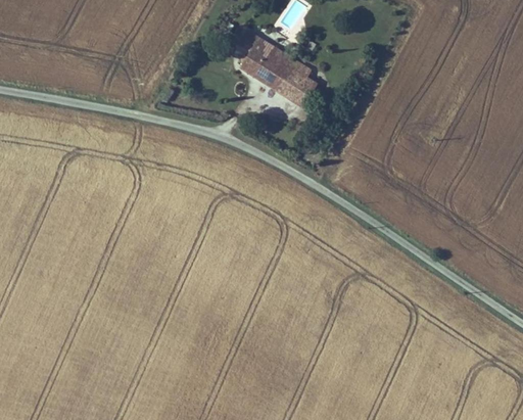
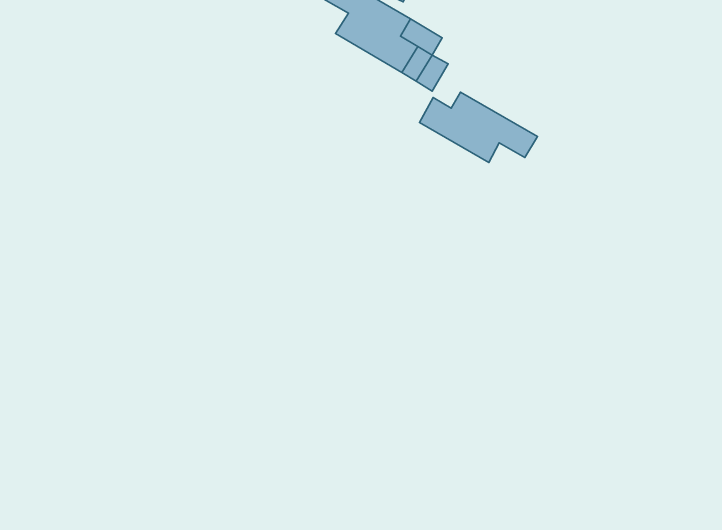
building: none -> [419,92,538,163]

